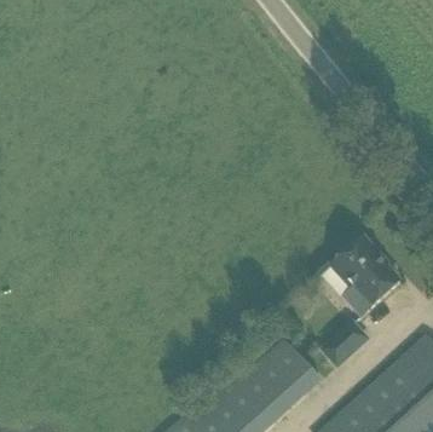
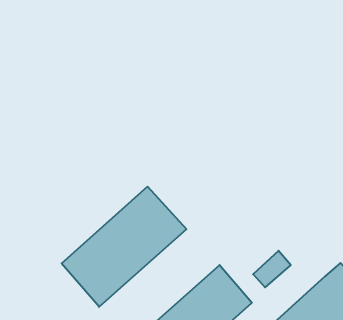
building: [327,236,399,317] -> none
building: none -> [62,187,186,307]

